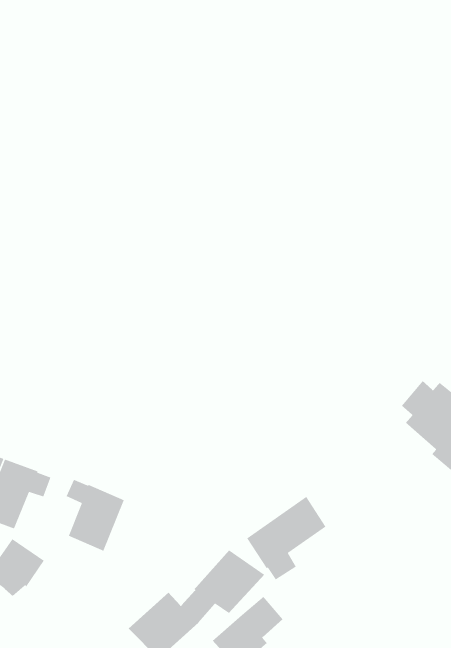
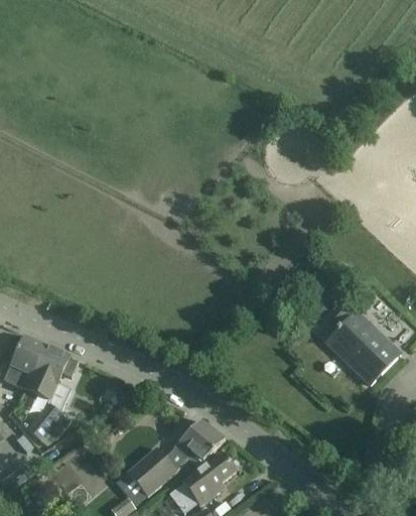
building: [65,479,125,552] -> none
building: [246,496,326,581] -> none

